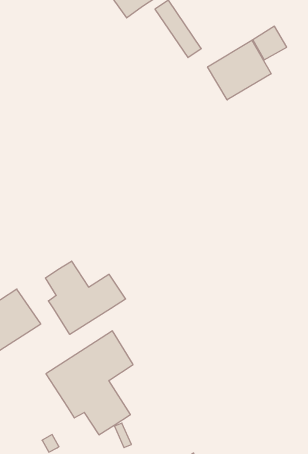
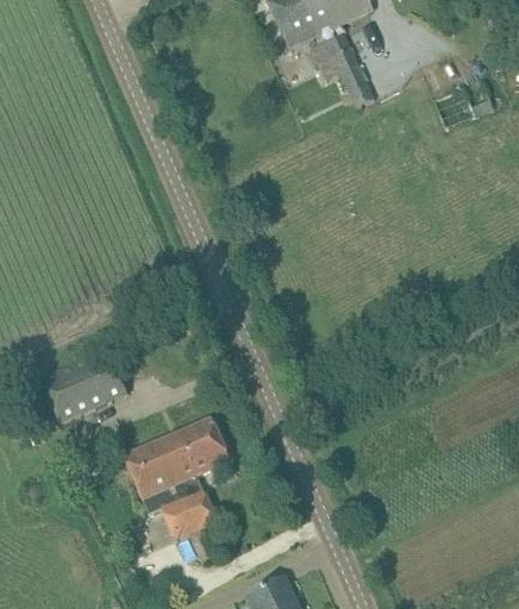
building: [208,40,271,100] -> none
building: [45,261,126,334] -> none

